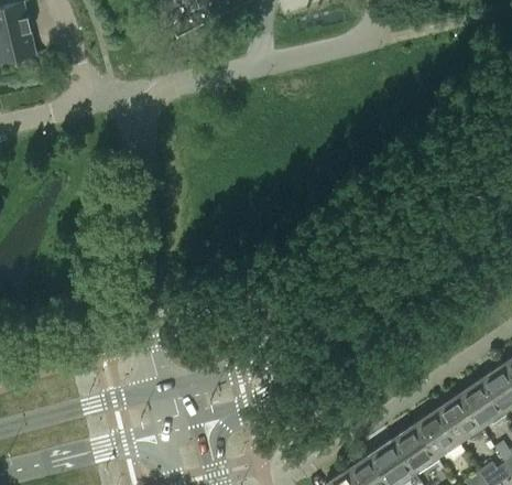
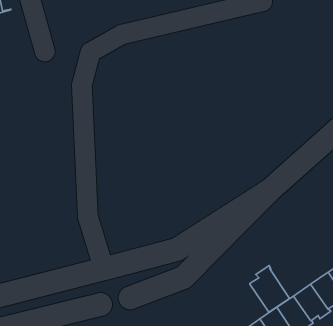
building: none -> [250,265,290,312]

